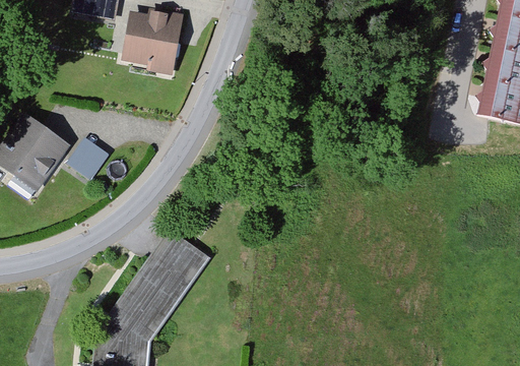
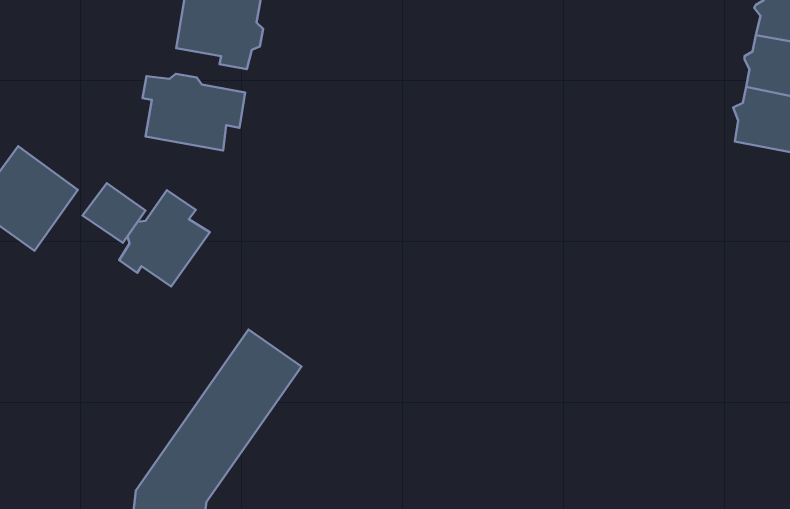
building: none -> [142,74,245,151]
building: none -> [119,190,210,287]

